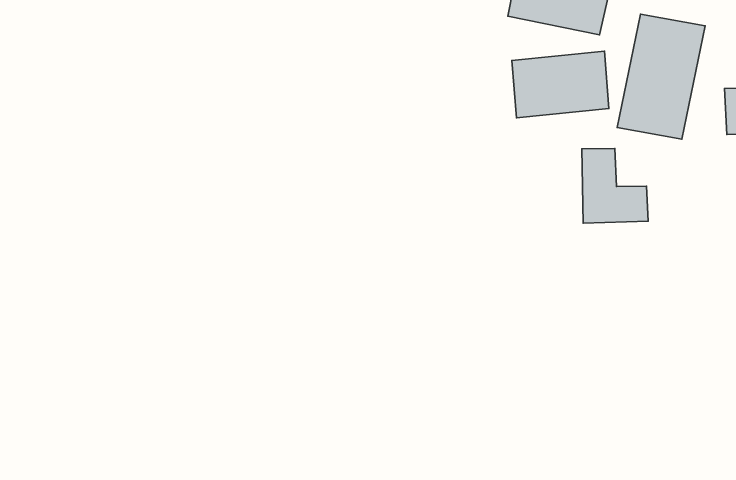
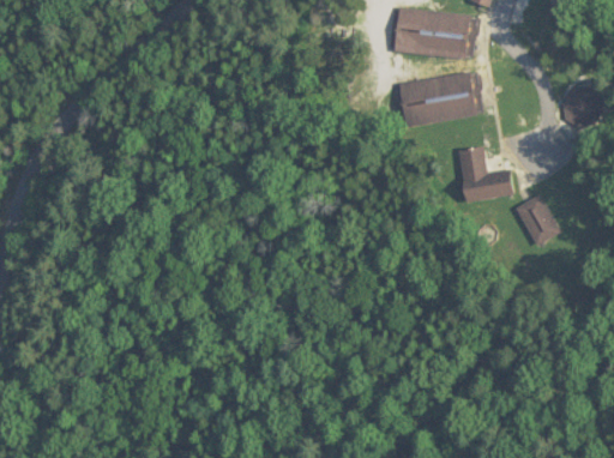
building: [617,14,705,139] -> none
building: none -> [517,195,559,243]

